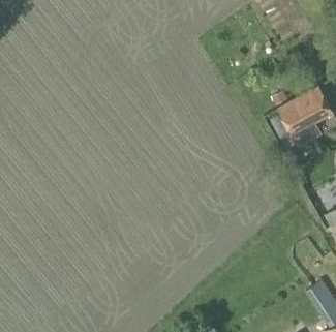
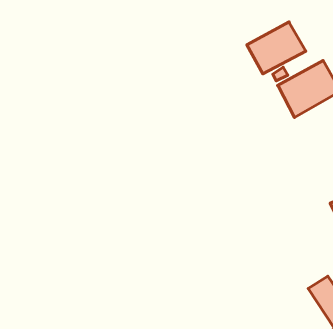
building: none -> [247,22,306,74]

